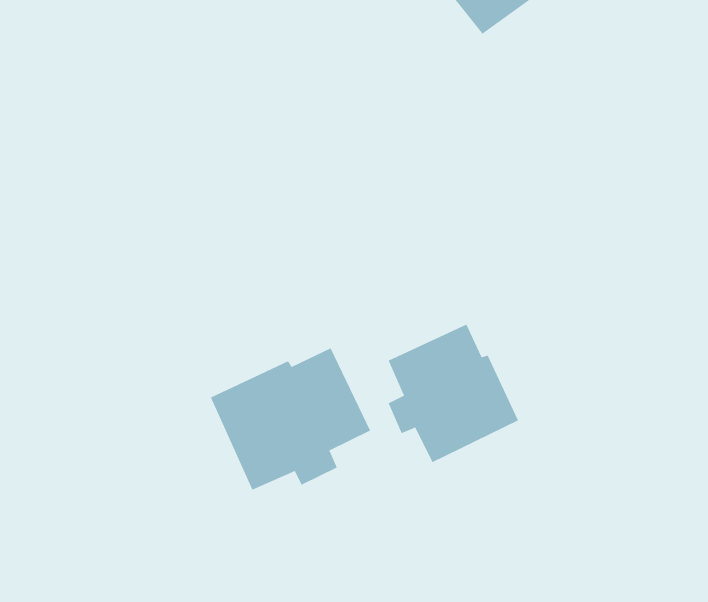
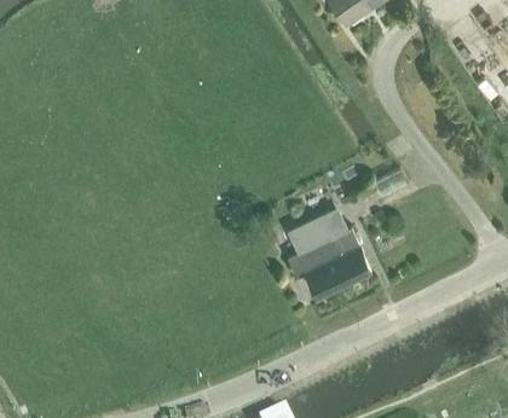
building: [210,348,371,491] -> none

